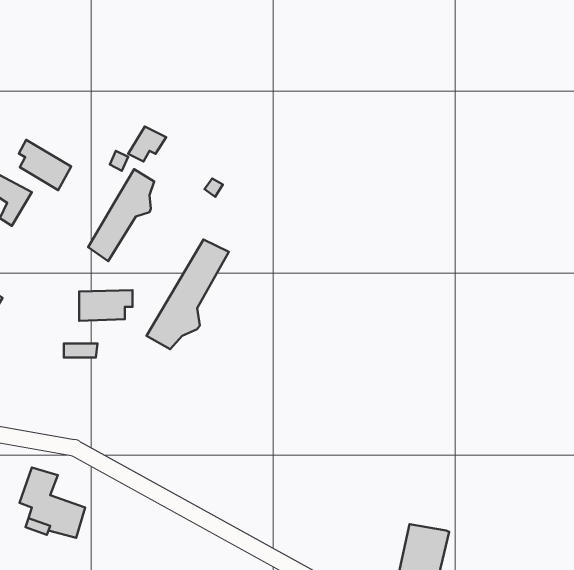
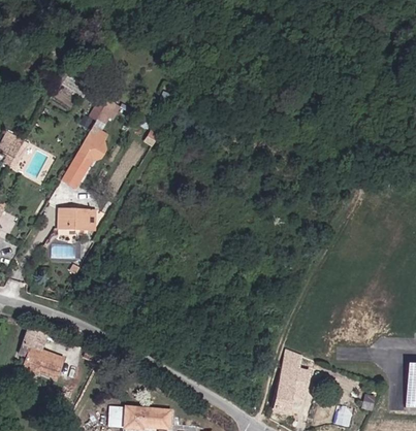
building: [19,140,71,190] -> none
building: [146,240,229,349] -> none

